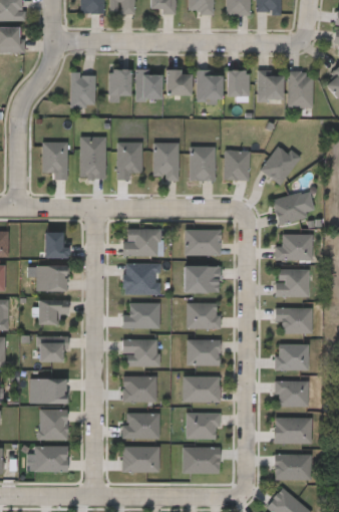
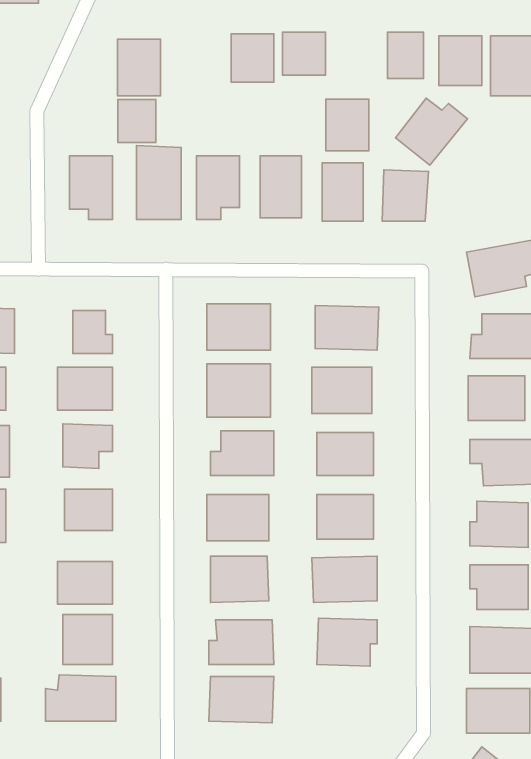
building: [109,69,131,94] -> [118,100,156,142]
building: [197,70,222,100] -> [326,99,369,151]
building: [261,146,303,185] -> [395,98,468,165]
building: [184,447,222,474] -> none

